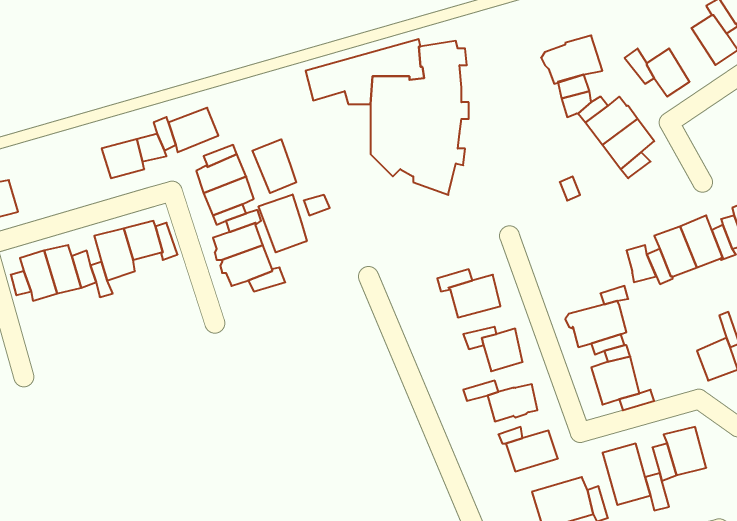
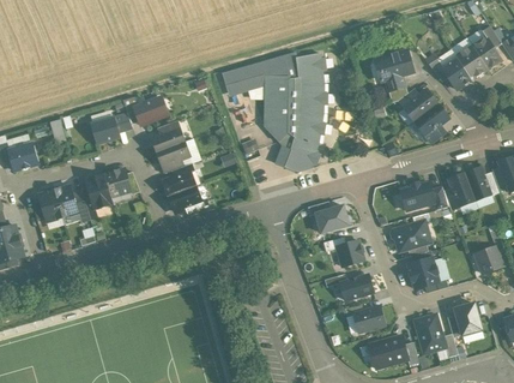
building: none -> [456,44,488,79]
building: [252,139,296,193] -> none
building: none -> [276,136,321,172]
building: [259,194,307,252] -> none
building: none -> [400,180,434,210]

